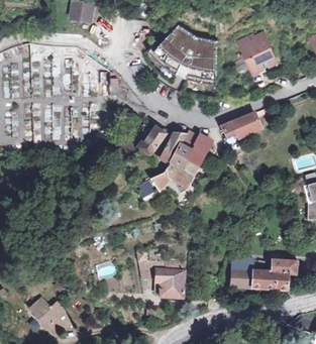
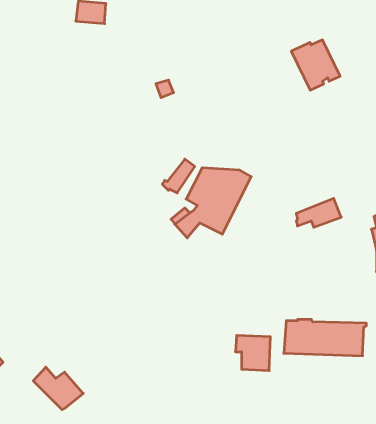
building: [150,25,219,81] -> none
building: [219,115,255,138] -> [296,198,341,227]
building: [159,267,187,296] -> [235,335,270,371]

